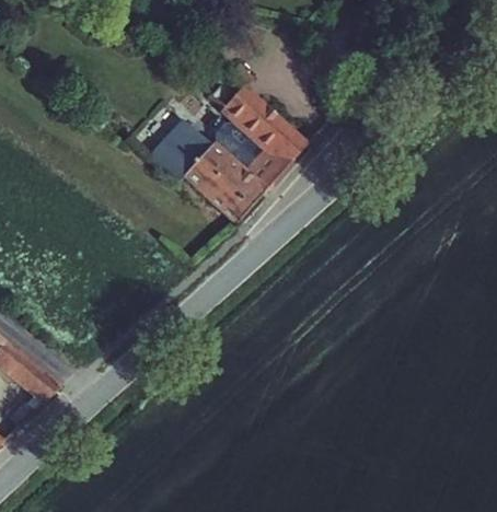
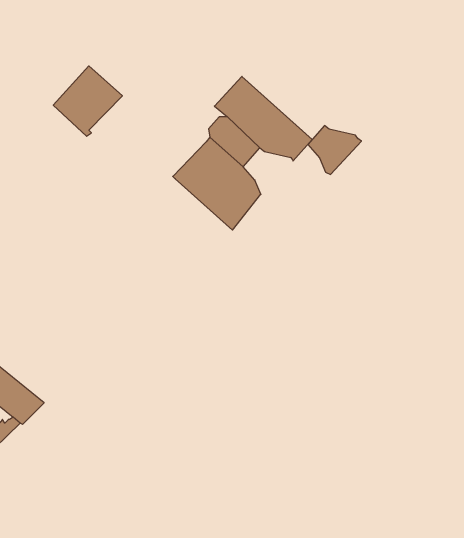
building: [148,115,211,179] -> [53,66,122,136]
building: [245,148,294,193] -> [308,126,361,174]

